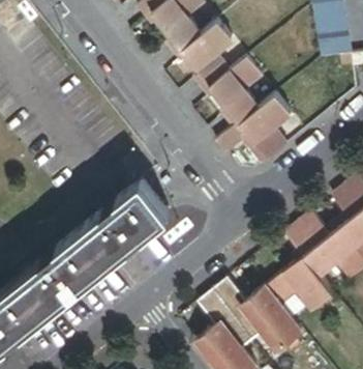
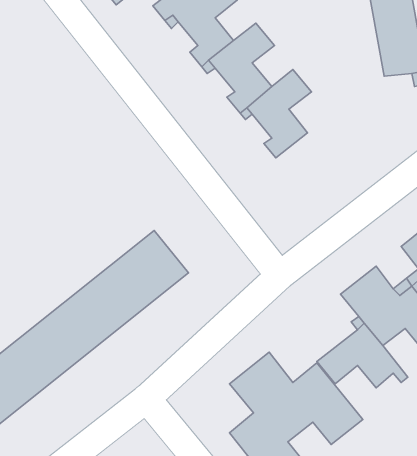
building: [217,91,293,163] -> none

